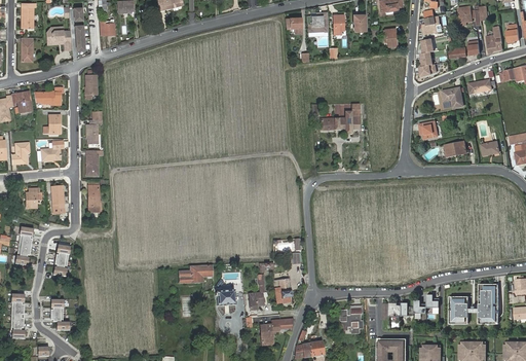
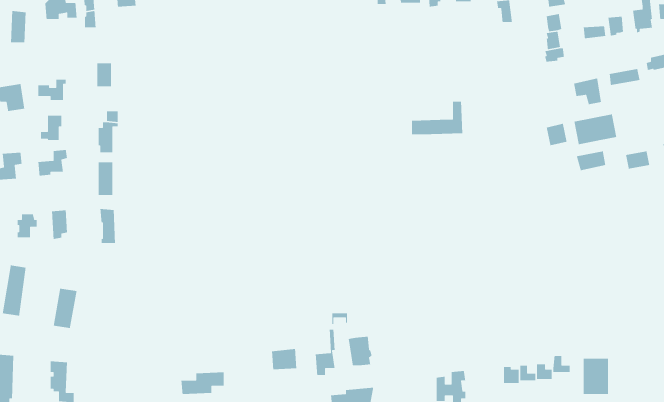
building: none -> [573,113,617,145]
building: [179,265,212,283] -> [181,372,224,395]
building: [479,285,498,325] -> none

